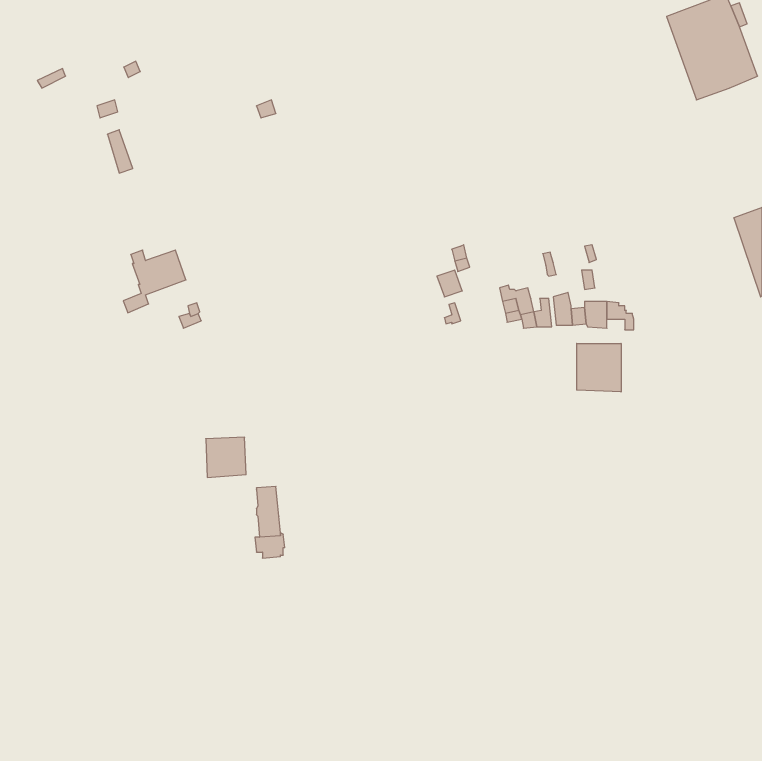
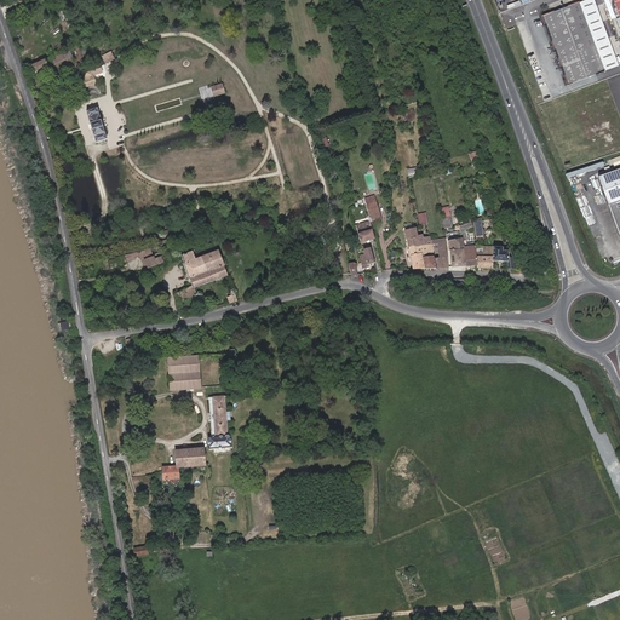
building: [123,250,186,313] -> [177,249,228,300]
building: [577,343,621,392] -> none
building: none -> [165,447,205,477]

